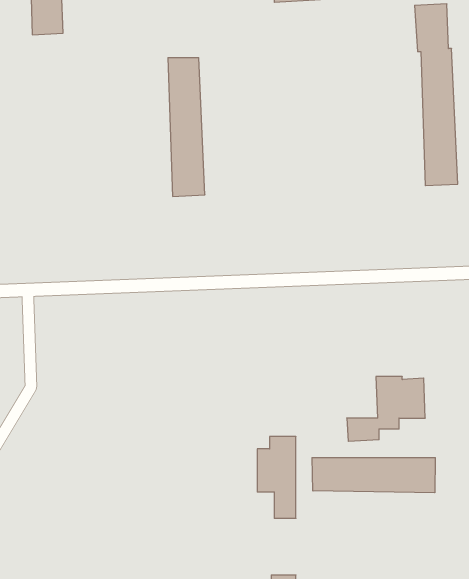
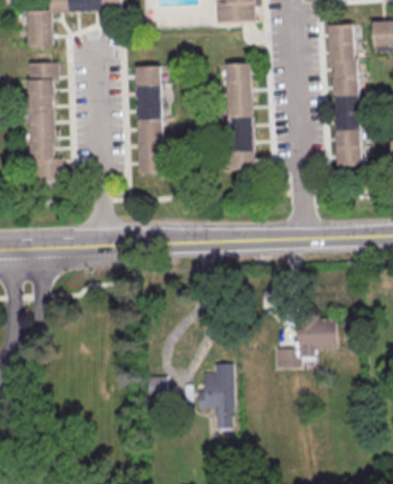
building: none -> [28,62,61,178]
building: none -> [226,62,254,171]
building: [312,458,435,493] -> none

